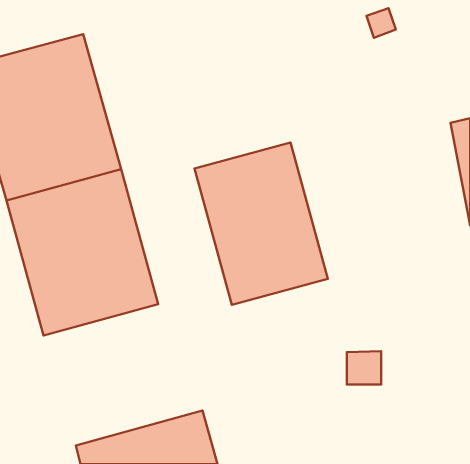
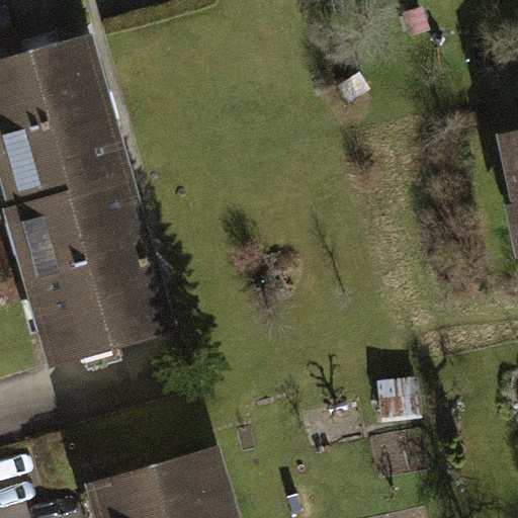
building: [194,142,328,305] -> none

